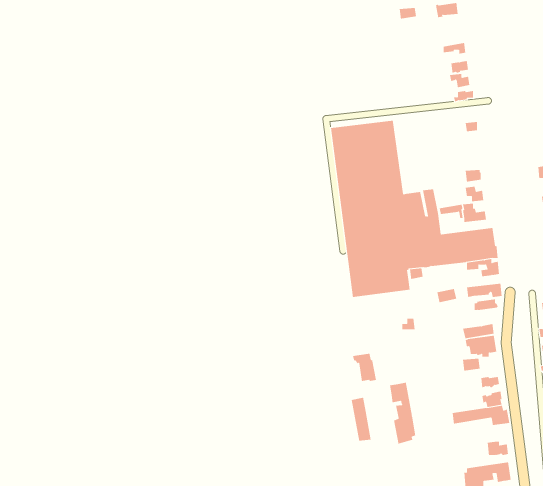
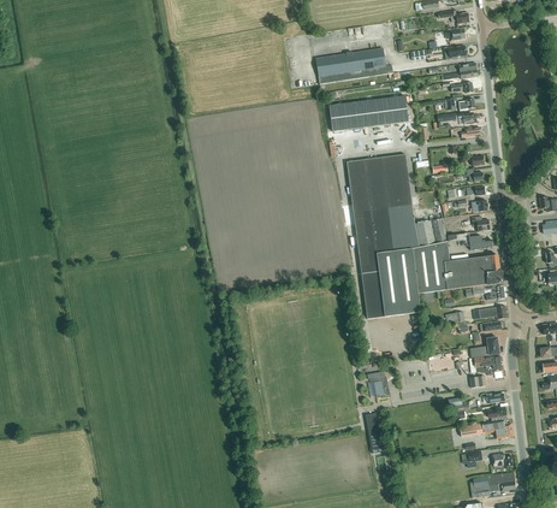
building: none -> [315,48,393,84]
building: none -> [330,95,408,131]
building: [390,382,416,444] -> none

